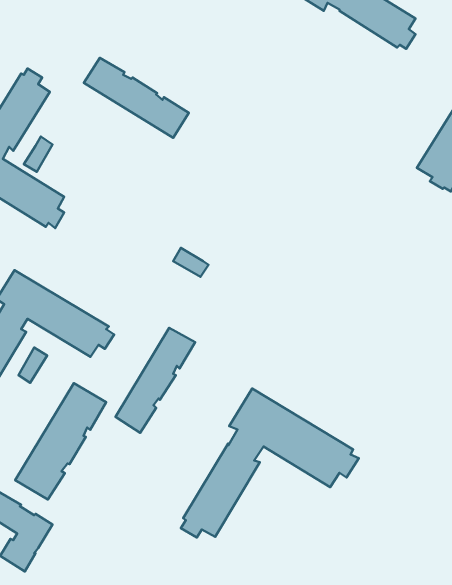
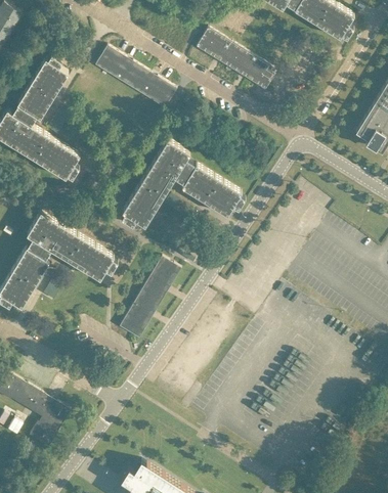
building: none -> [195,29,276,91]
building: none -> [121,140,245,227]
building: [15,383,106,499] -> none
building: [181,388,359,538] -> none

